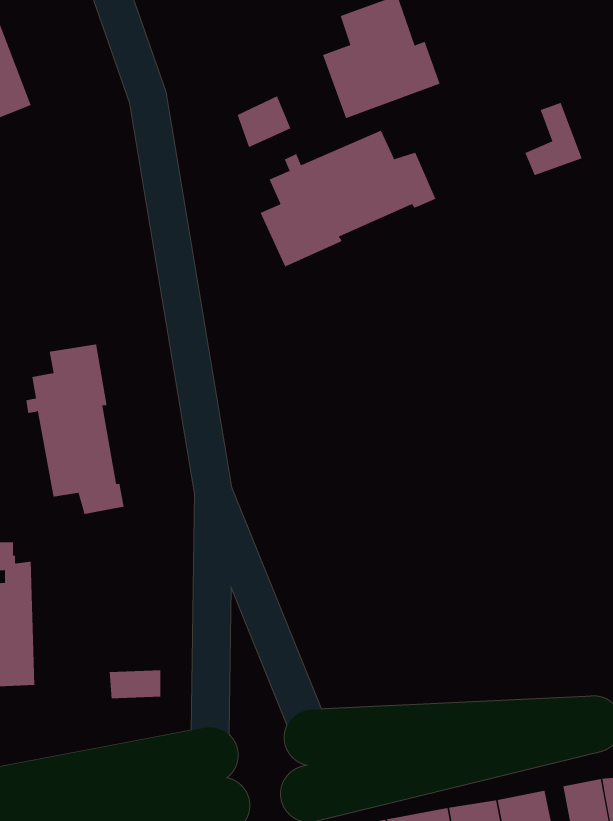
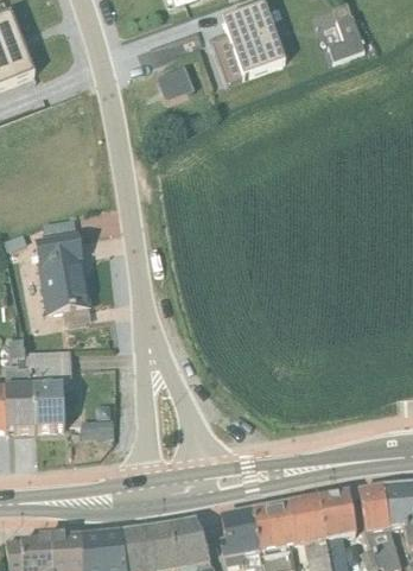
building: [524,102,583,176] -> [329,14,364,59]
building: [260,130,436,268] -> none
building: none -> [34,350,72,427]

